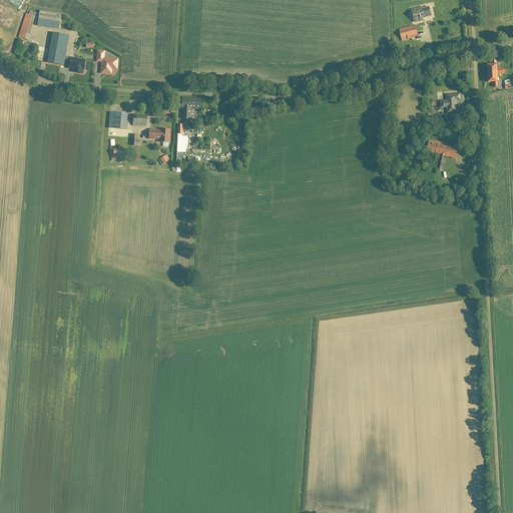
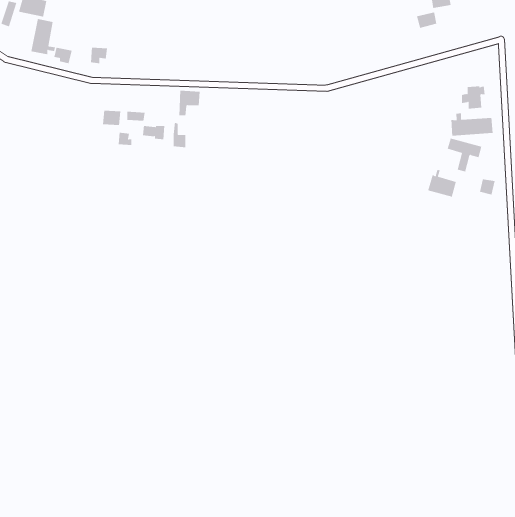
building: none -> [451,113,493,137]
building: none -> [428,169,456,198]

